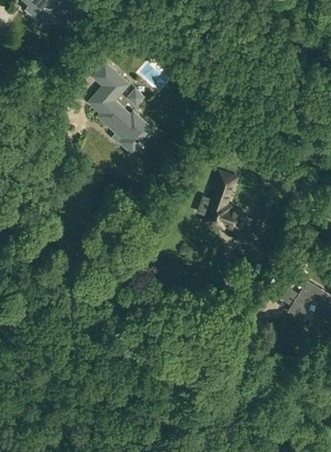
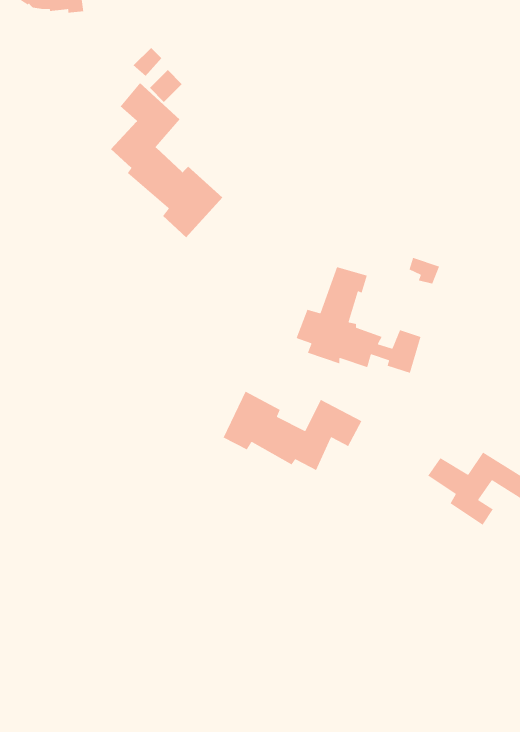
building: none -> [222,391,362,471]

